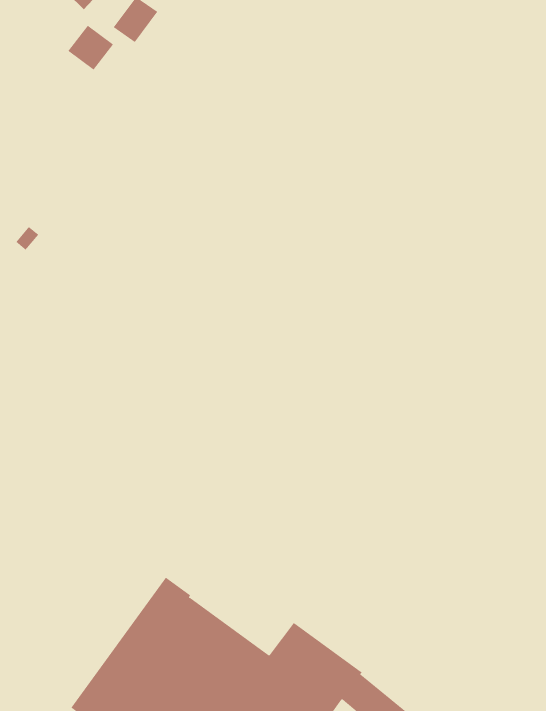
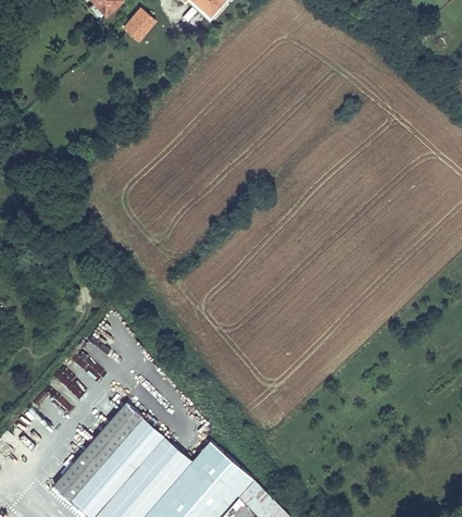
building: [68,25,114,70] -> none

